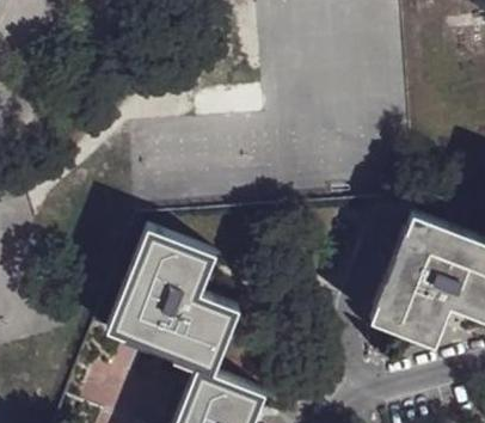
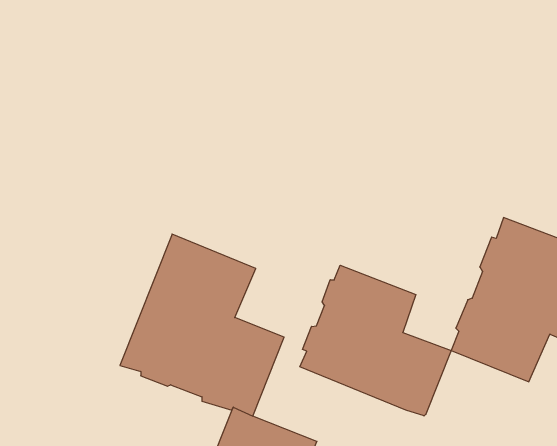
building: none -> [300,265,451,416]

